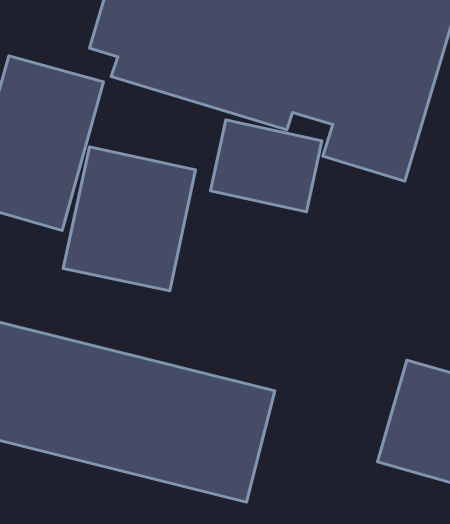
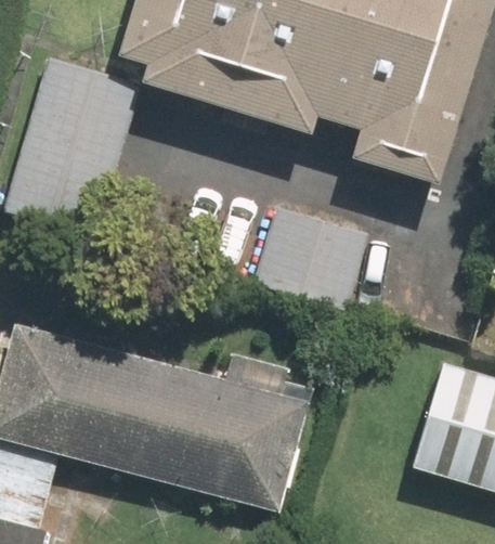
building: [210,120,322,212] -> [250,212,361,303]
building: [63,147,196,291] -> none

